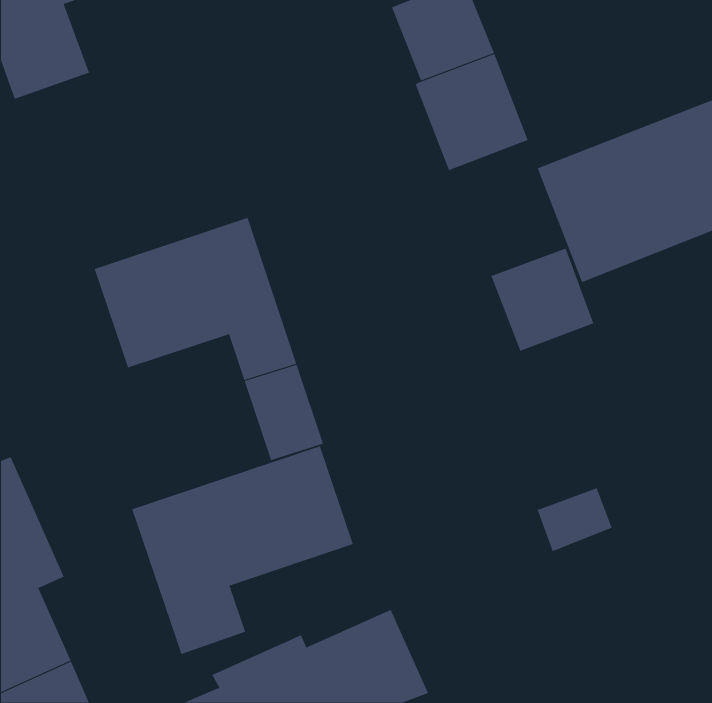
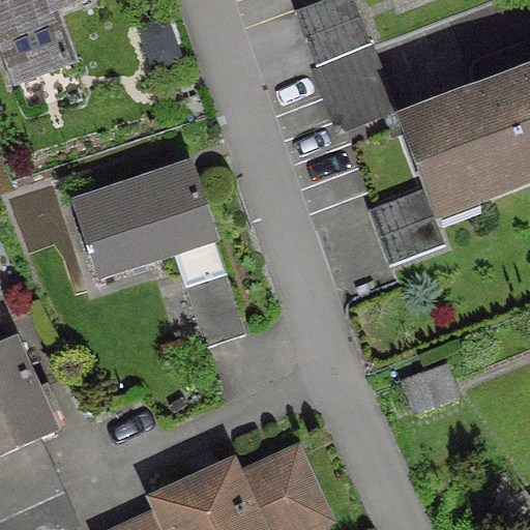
building: [132,446,353,655] -> none

